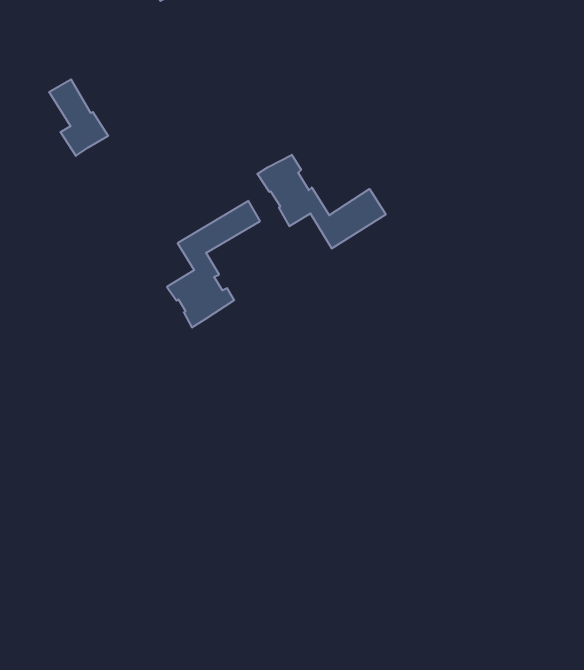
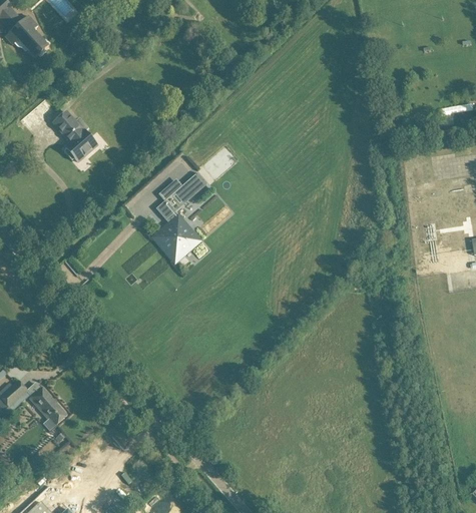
building: [257,155,386,249] -> none

